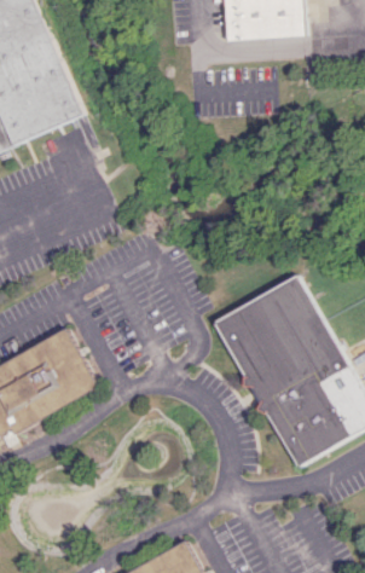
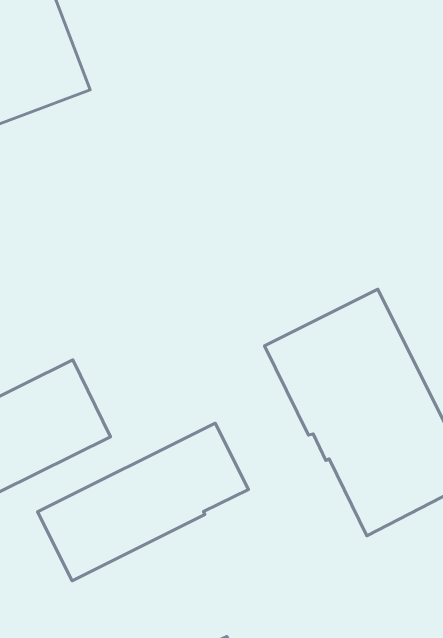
building: none -> [37,423,249,581]

